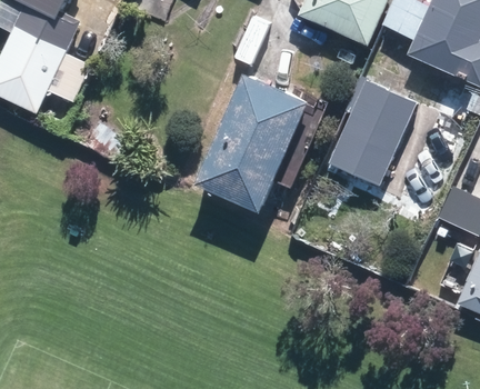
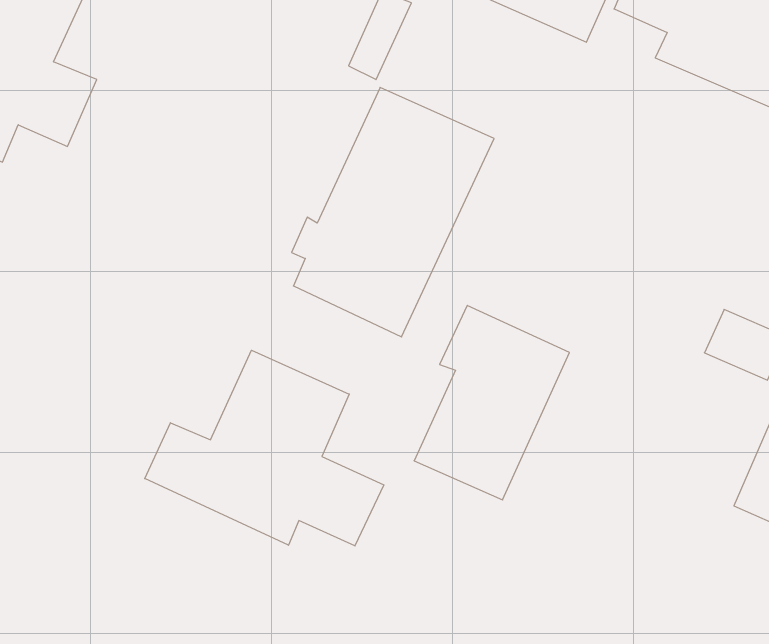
building: [329,76,417,186] -> [414,305,569,500]
building: none -> [145,350,384,546]

